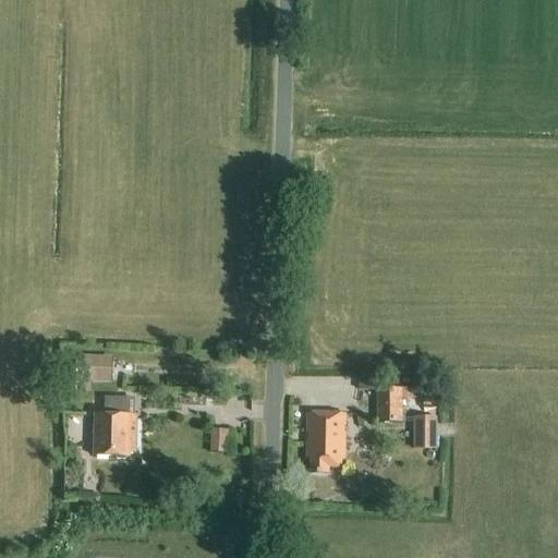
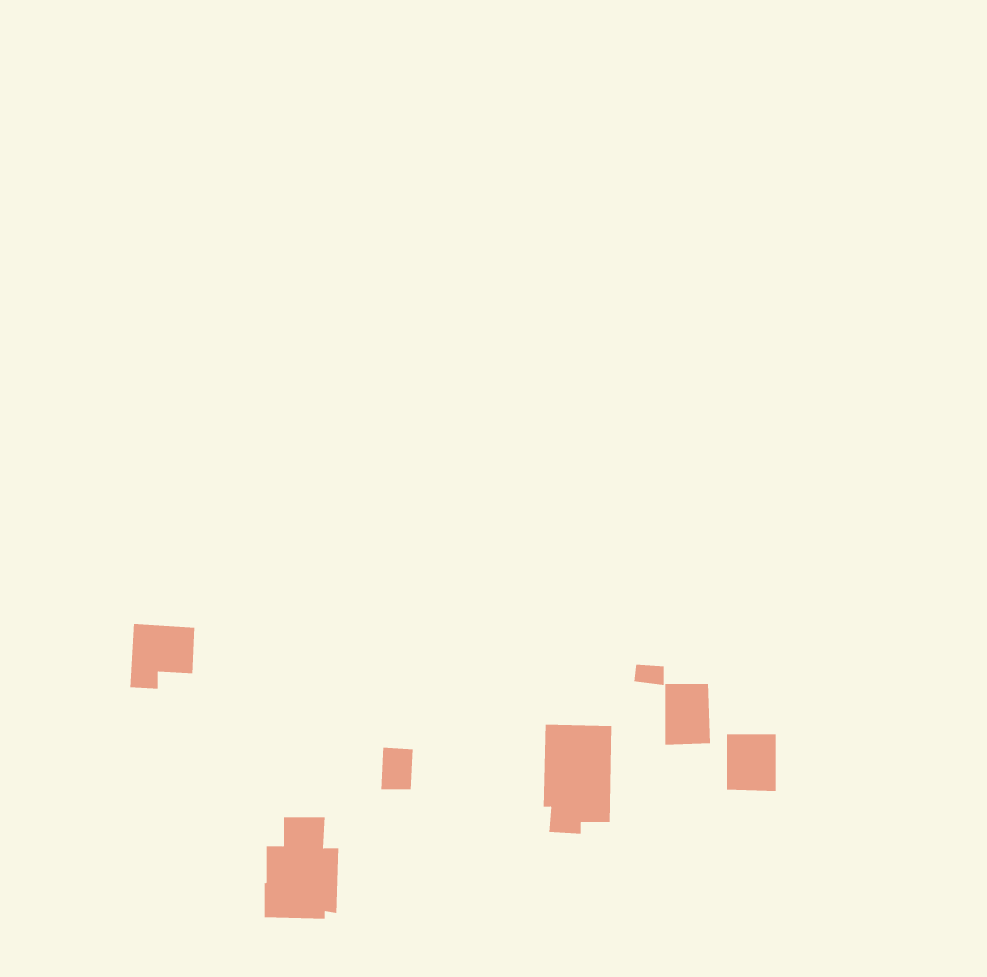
building: [94,395,136,452] -> [264,817,339,919]

